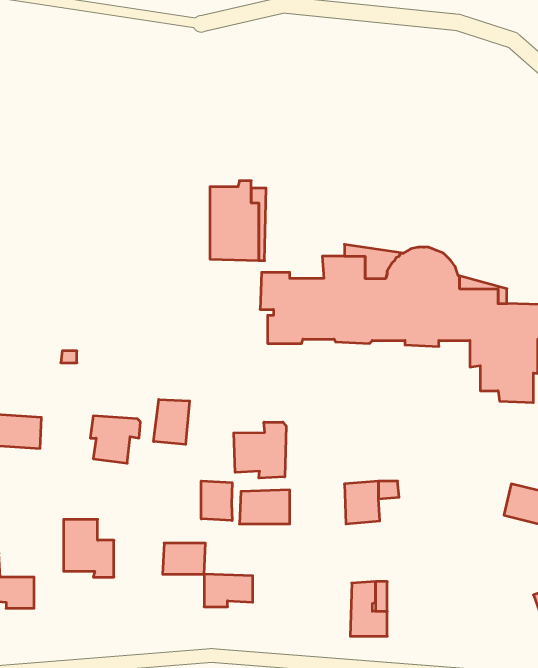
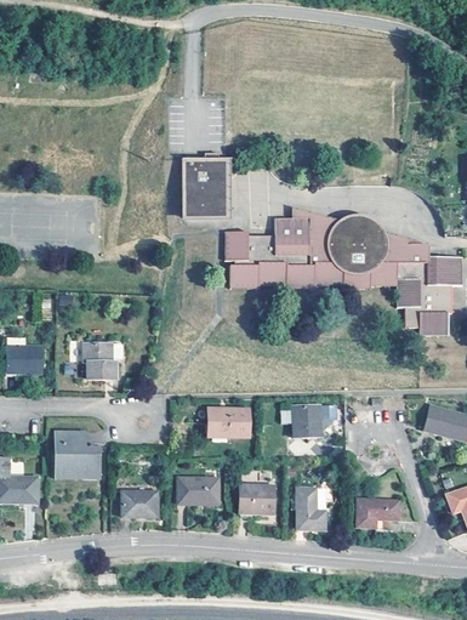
building: [154,399,190,444] -> none
building: [234,422,286,478] -> none
building: [201,481,232,521] -> none
building: [163,543,205,574] -> [123,491,158,517]
building: none -> [239,484,272,511]
building: none -> [355,496,401,527]

